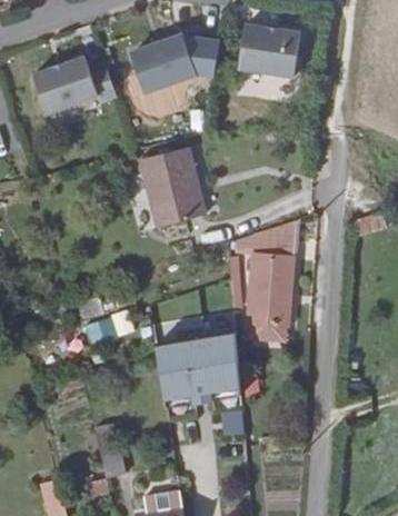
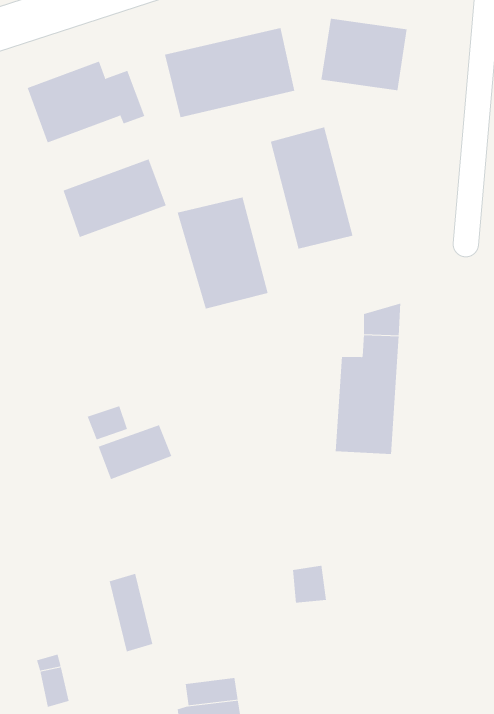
building: none -> [270,126,353,249]
building: none -> [63,159,166,238]
building: [155,334,241,405] -> none

